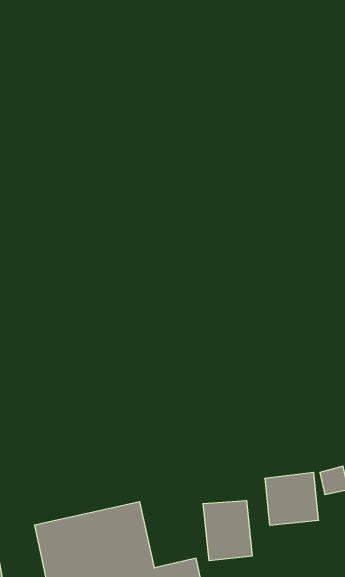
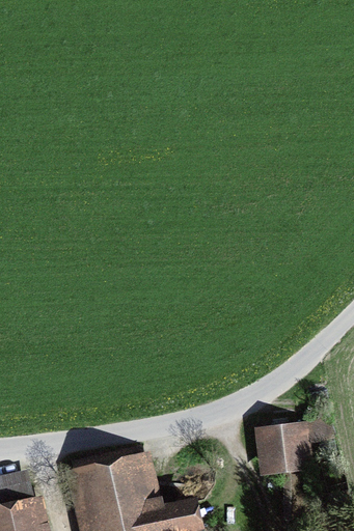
building: [203,500,252,561] -> none

